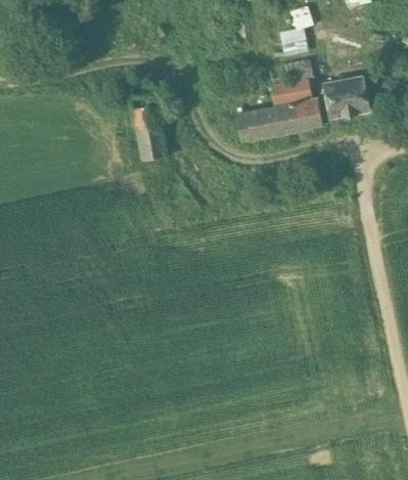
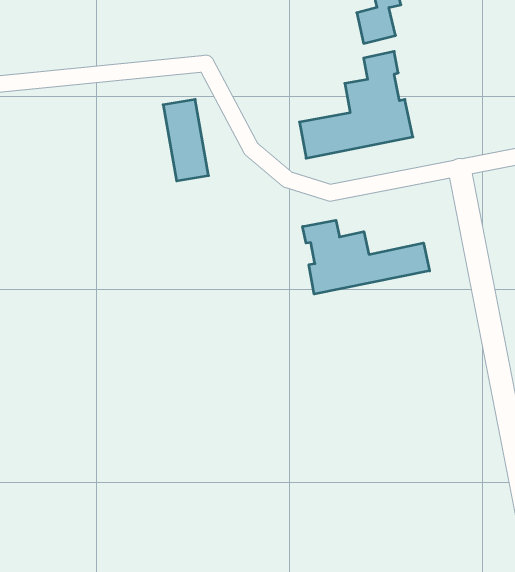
building: [321,75,369,121] -> none
building: none -> [303,220,430,294]

